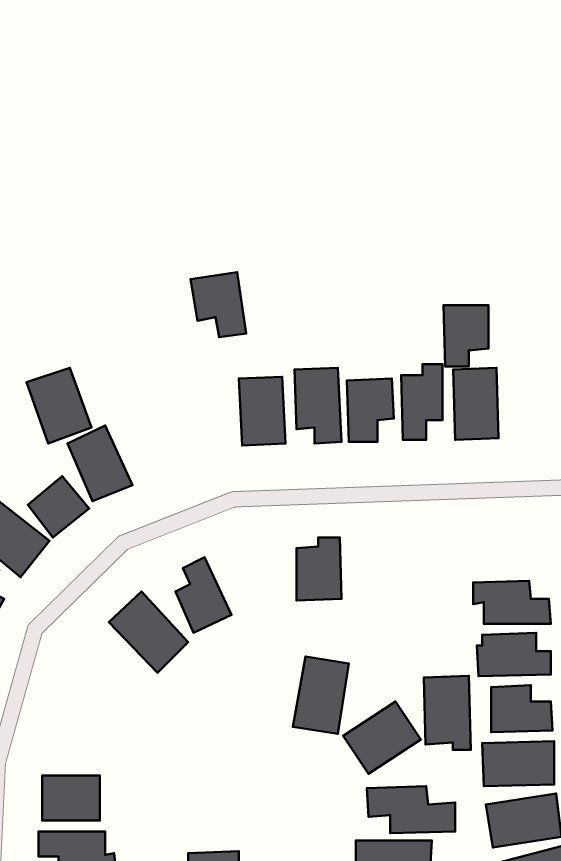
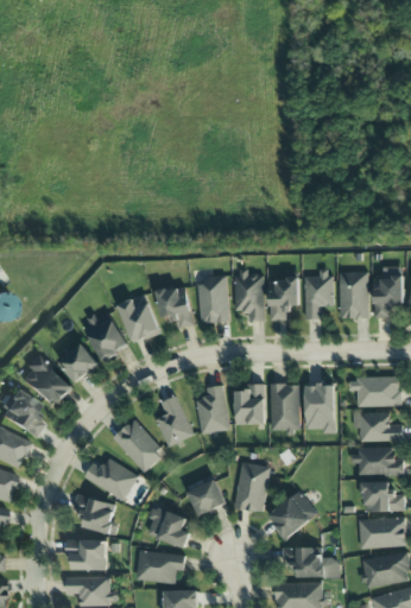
building: [190,272,246,337] -> [157,286,194,329]
building: [443,305,489,367] -> [374,277,404,317]
building: [26,368,91,444] -> [119,294,162,344]
building: none -> [349,376,400,406]
building: none -> [271,384,301,431]
building: none -> [197,386,229,433]
building: none -> [84,460,138,499]
building: [424,676,471,750] -> [305,385,336,433]
building: none -> [189,480,227,515]
building: none -> [72,494,119,536]
building: none -> [147,506,191,549]
building: none -> [138,552,185,583]

